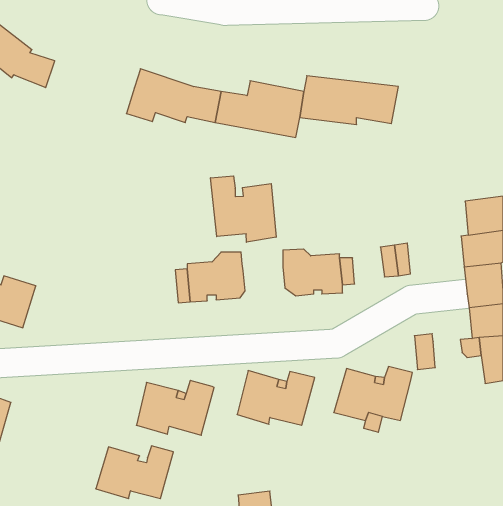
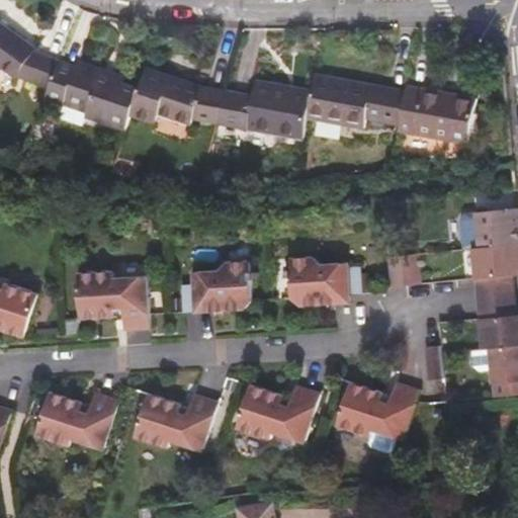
building: none -> [42,65,137,134]
building: none -> [396,89,474,148]
building: [211,176,276,242] -> none
building: none -> [77,270,149,328]
building: [96,446,173,499] -> [38,392,117,445]

